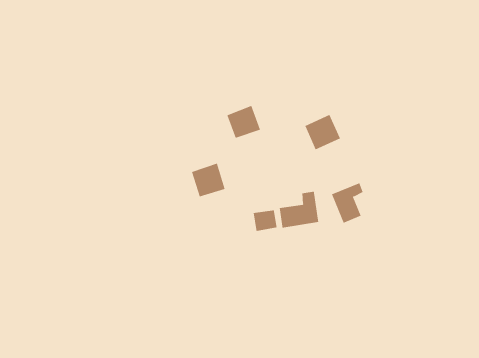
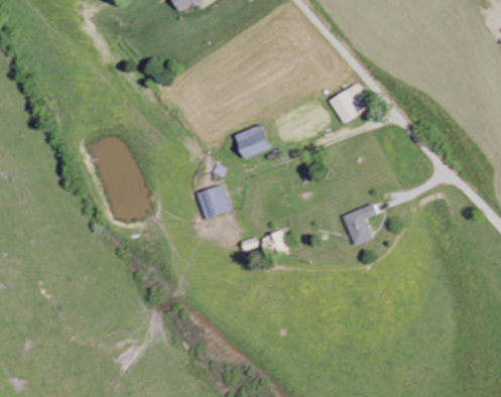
building: [304,114,341,150] -> [329,85,366,122]
building: [279,191,319,228] -> none

